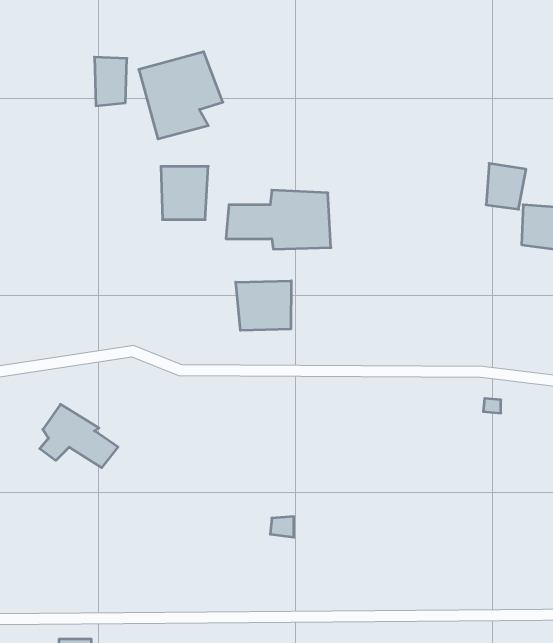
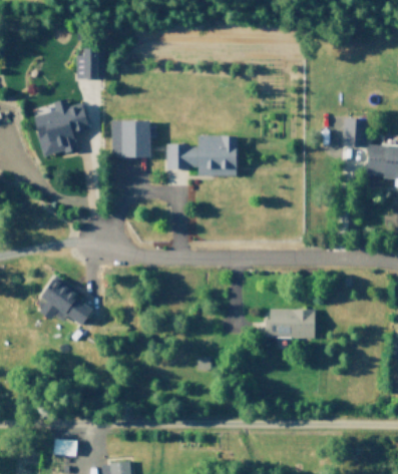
building: [139,52,223,139] -> [30,98,87,157]
building: [236,281,291,330] -> none
building: none -> [265,309,314,340]

